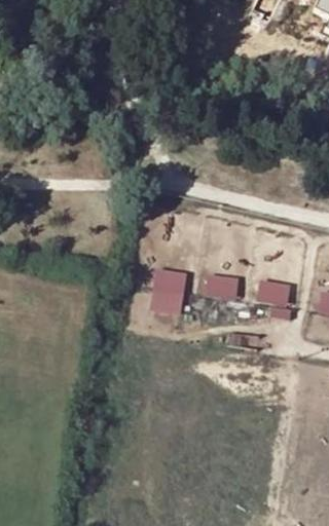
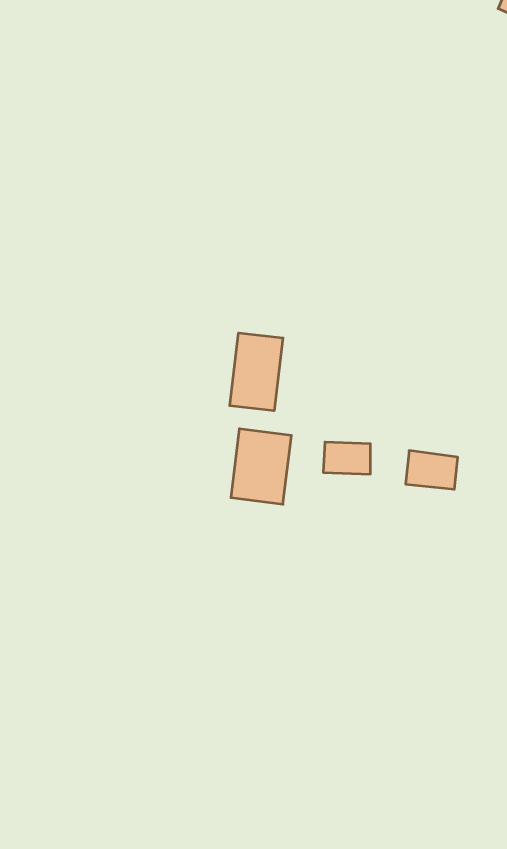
building: none -> [230,333,283,411]

